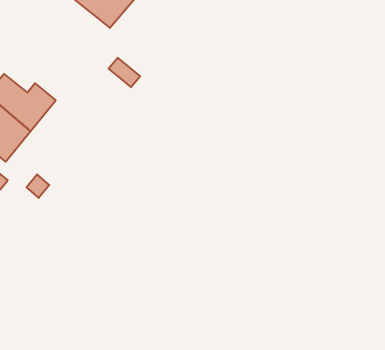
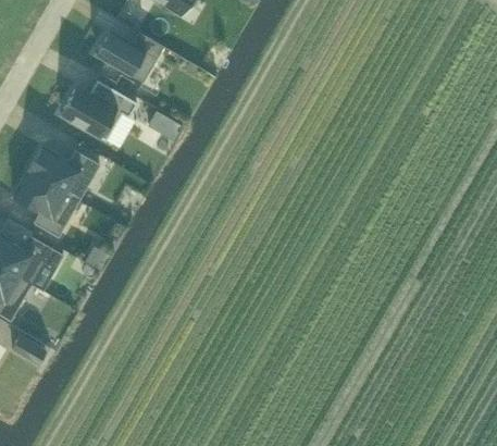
building: none -> [61,80,137,140]

